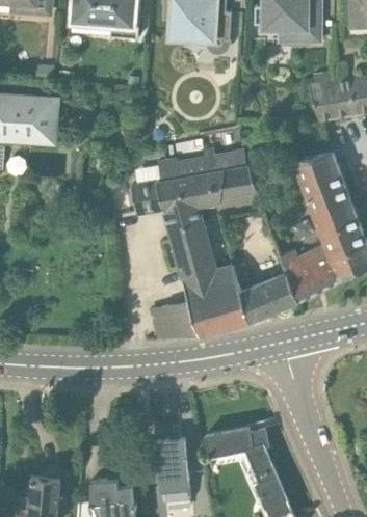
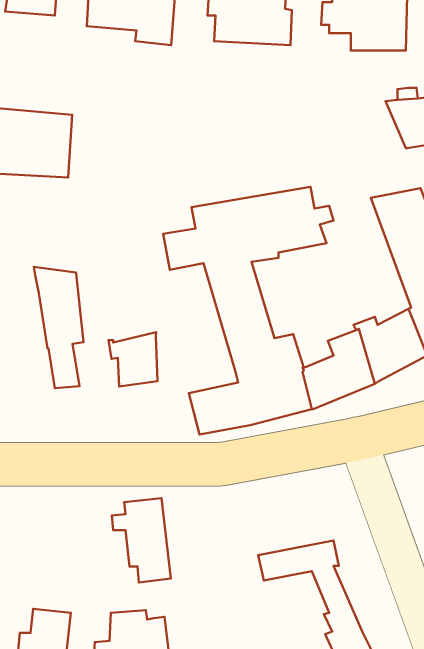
building: none -> [34,267,84,388]
building: none -> [108,332,158,386]
building: [146,438,191,504] -> [112,498,171,582]

